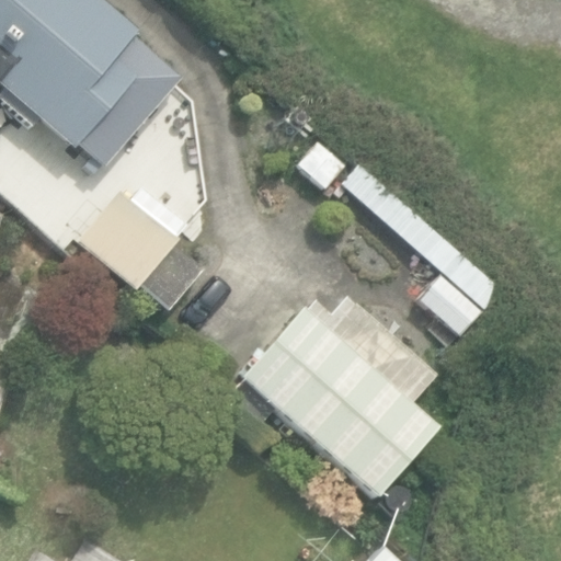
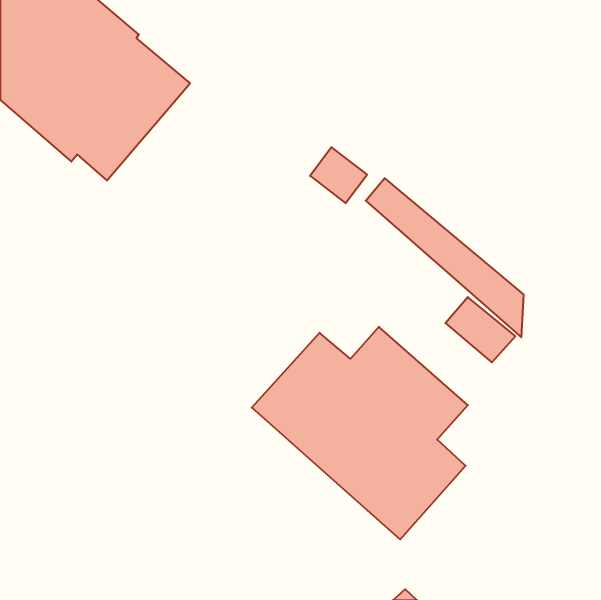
building: [76,188,204,310] -> none

